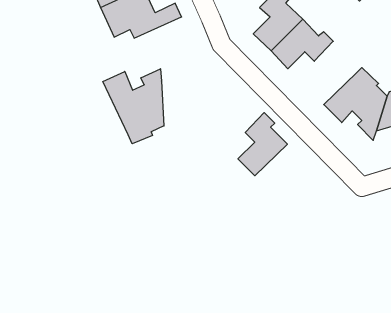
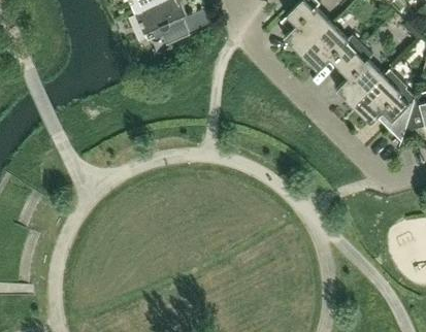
building: [103,69,164,144] -> none
building: [238,113,287,176] -> [336,45,385,107]

